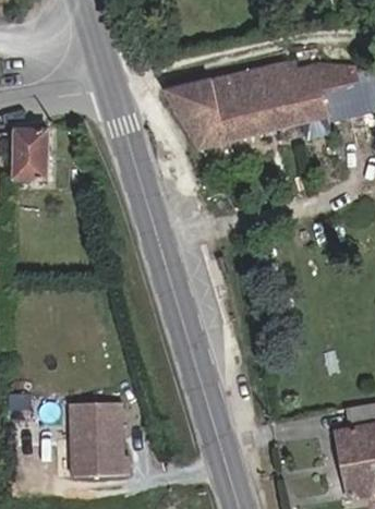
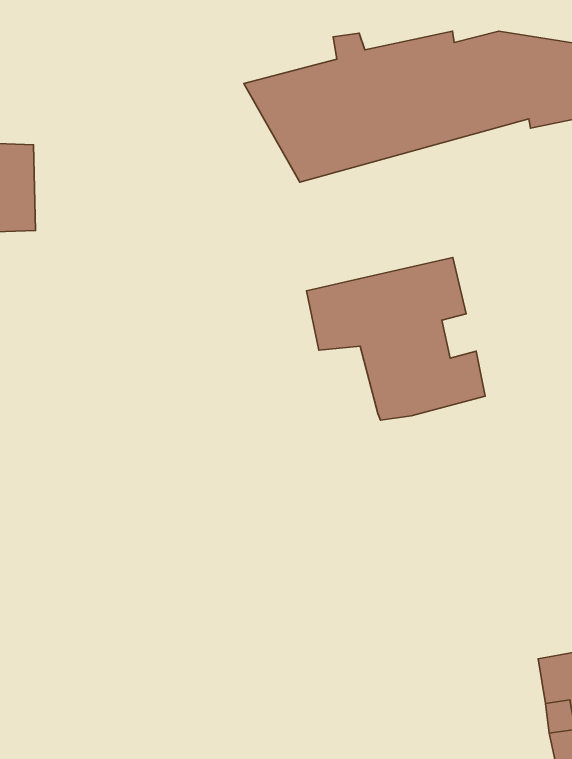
building: none -> [306,258,485,420]
building: [70,404,126,478] -> none

